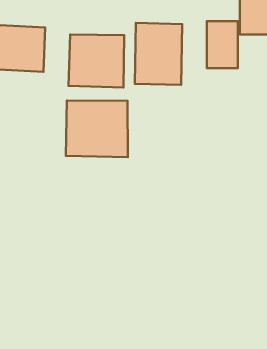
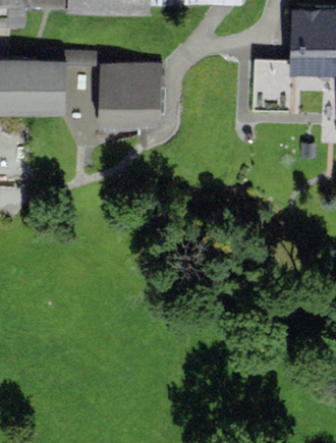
building: [135,23,182,85] -> none
building: [66,101,128,157] -> none

